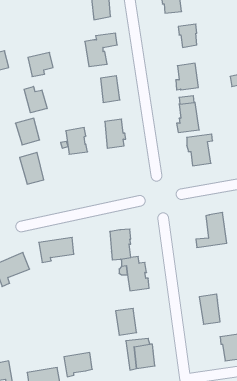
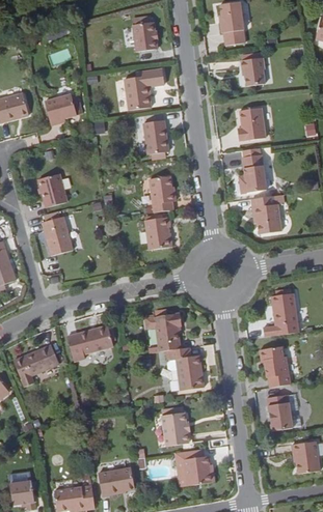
building: [24,86,47,113] -> none
building: [66,128,88,154] -> [145,217,172,250]
building: none -> [261,347,292,388]

